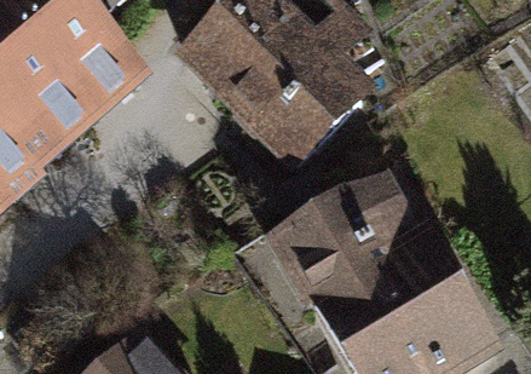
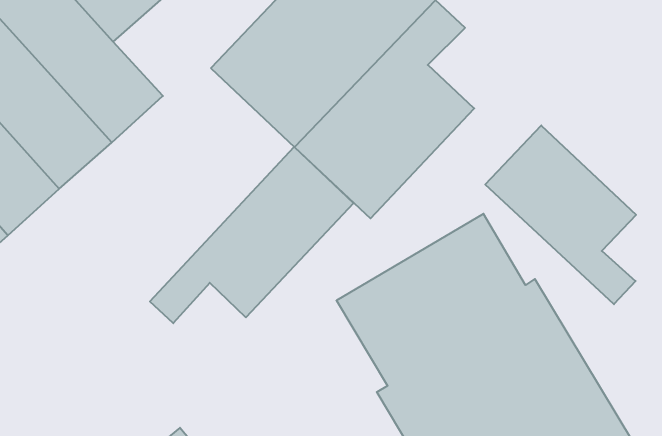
building: none -> [485,125,636,304]
building: none -> [150,147,354,323]

